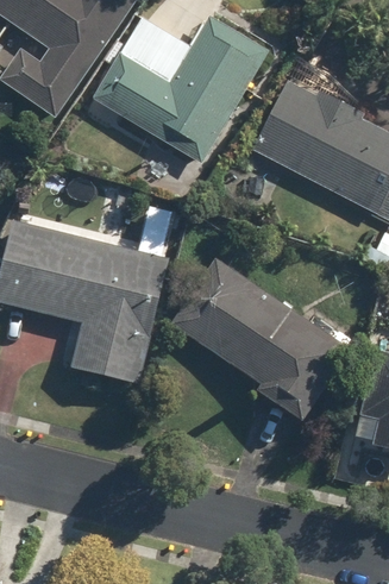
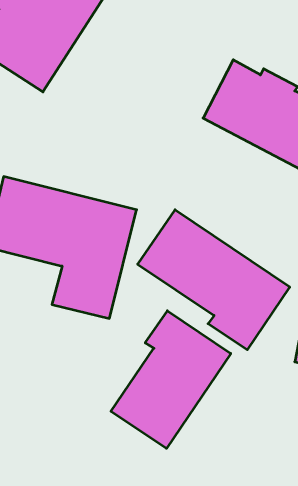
building: [92,15,266,162] -> none
building: none -> [111,311,231,448]

